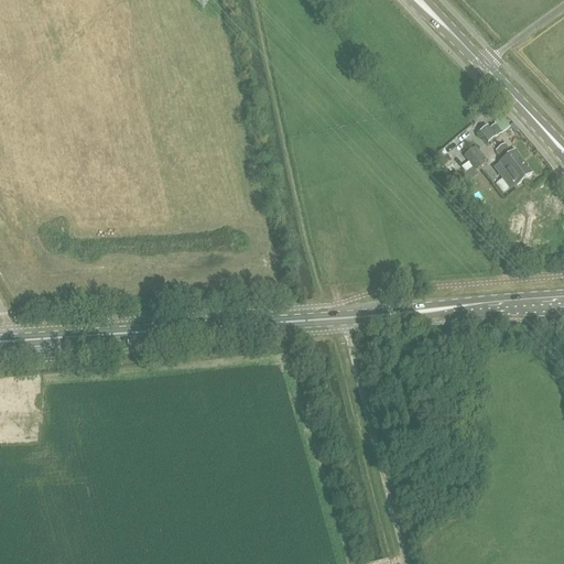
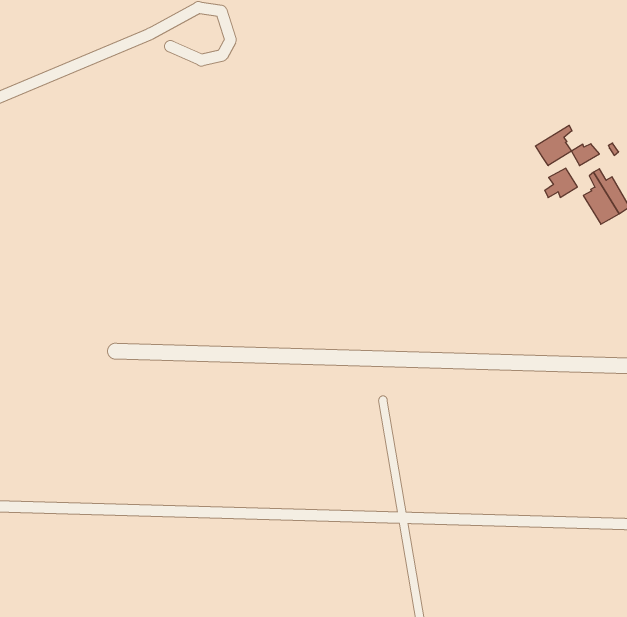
building: none -> [535,125,572,166]

